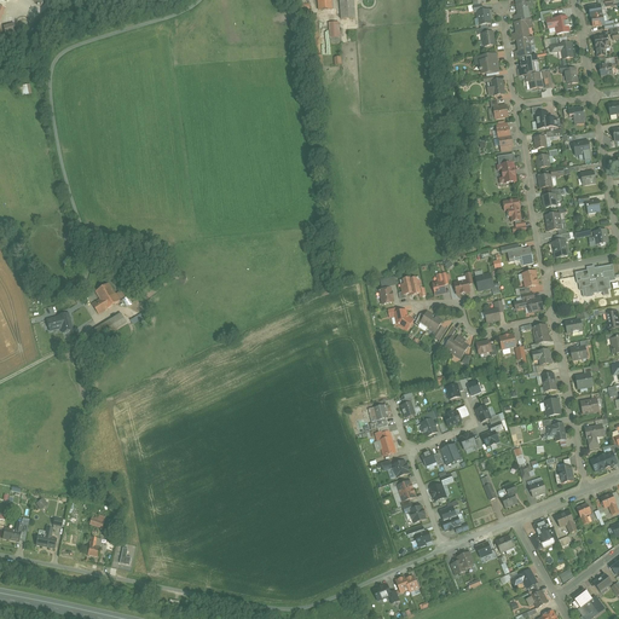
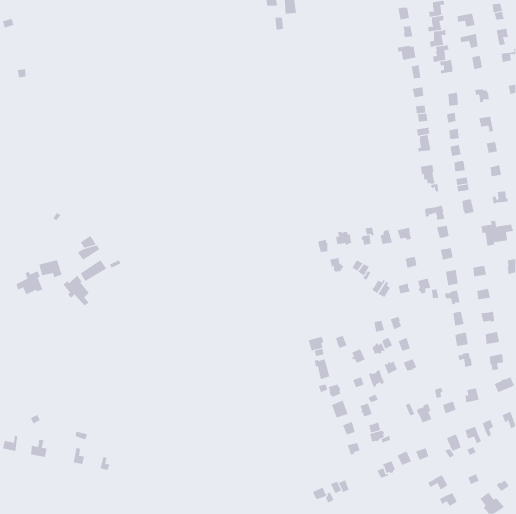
building: none -> [16,271,43,295]
building: none -> [63,275,89,306]

